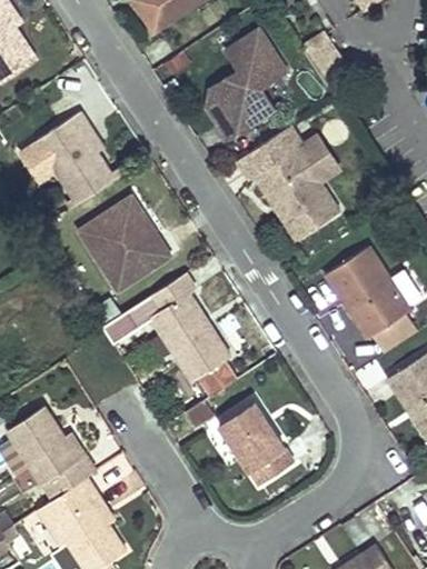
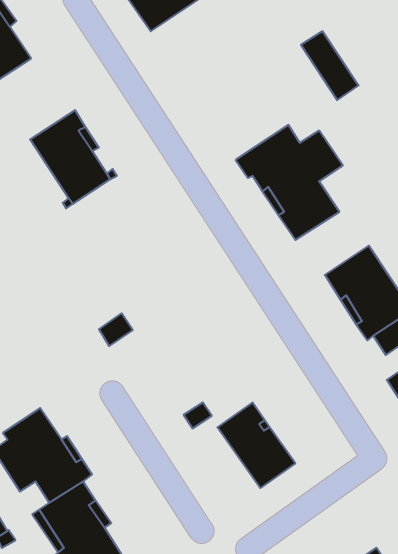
building: [207,28,286,140] -> none
building: [77,197,170,292] -> none
building: [149,273,230,382] -> none

